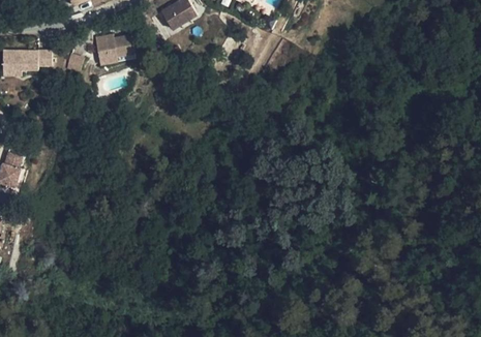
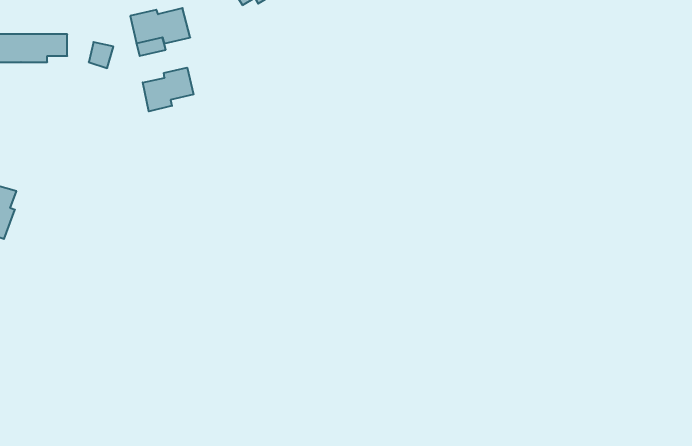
building: none -> [143,68,194,111]

